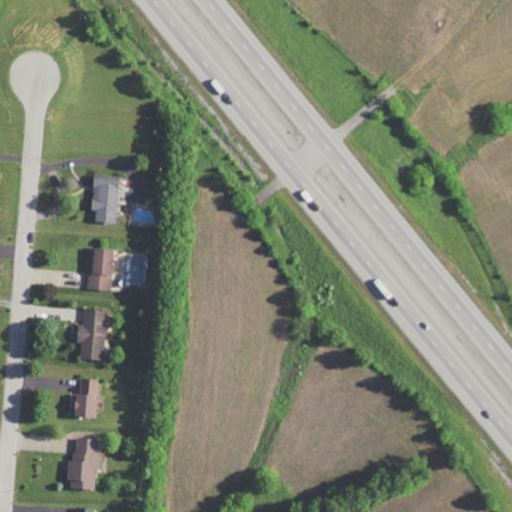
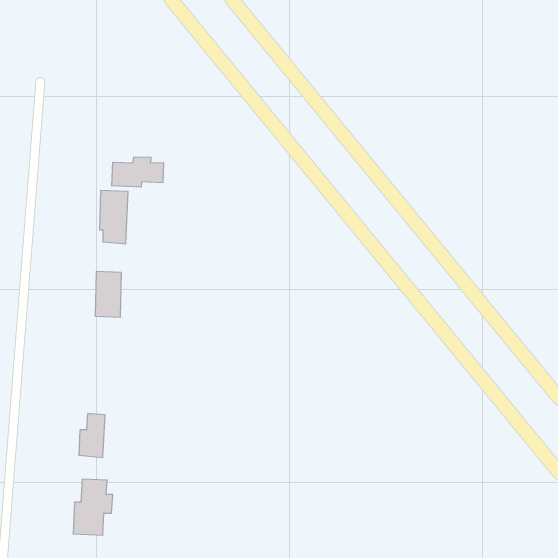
building: none -> [112,157,164,187]
building: [76,308,108,360] -> none

